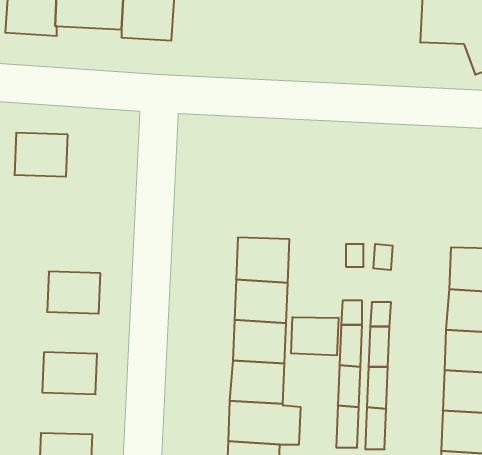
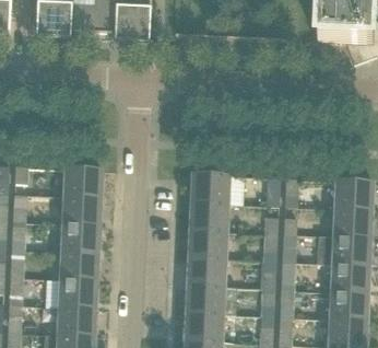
building: [14,133,68,177] -> [66,167,102,197]
building: none -> [62,223,99,252]
building: [291,317,338,355] -> none
building: none -> [60,278,97,306]

